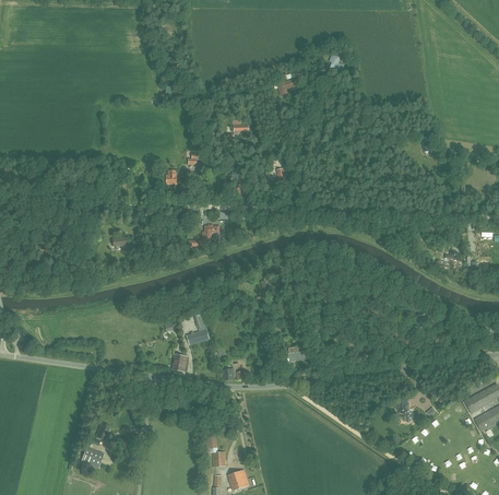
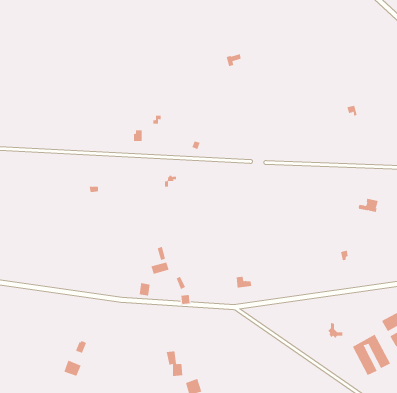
building: none -> [352,334,391,376]

